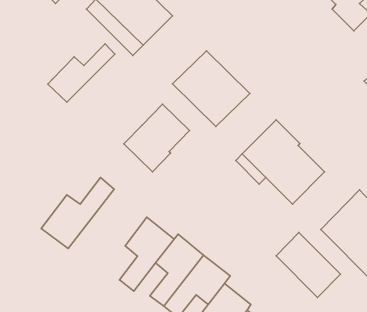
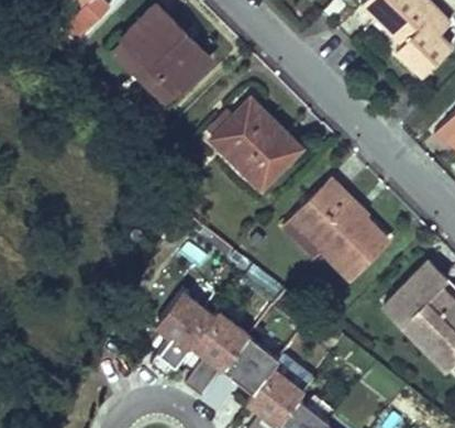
building: [48,44,115,102] -> none
building: [124,104,189,172] -> none
building: [41,178,114,248] -> none
building: [276,233,340,298] -> none

